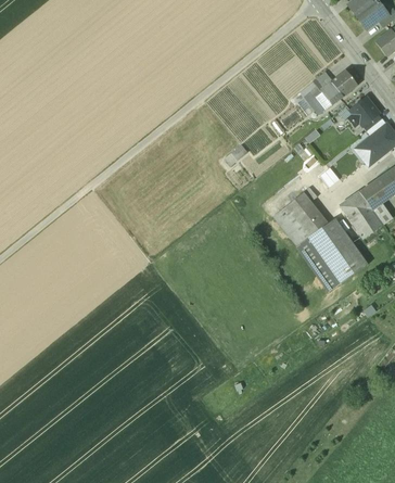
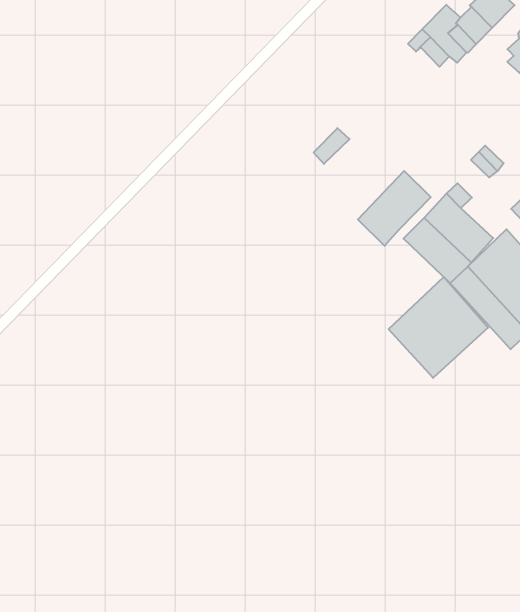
building: none -> [358,171,431,246]
building: none -> [389,277,488,378]

